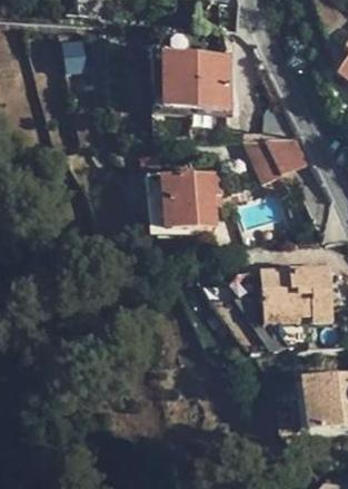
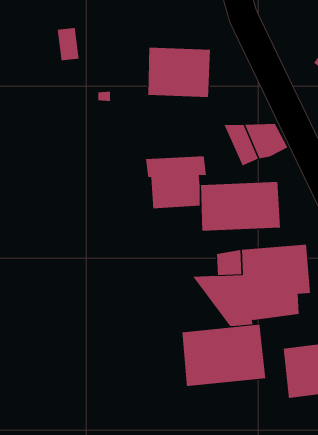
building: none -> [200,181,281,231]
building: none -> [182,324,266,387]

